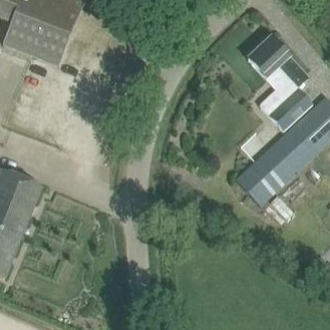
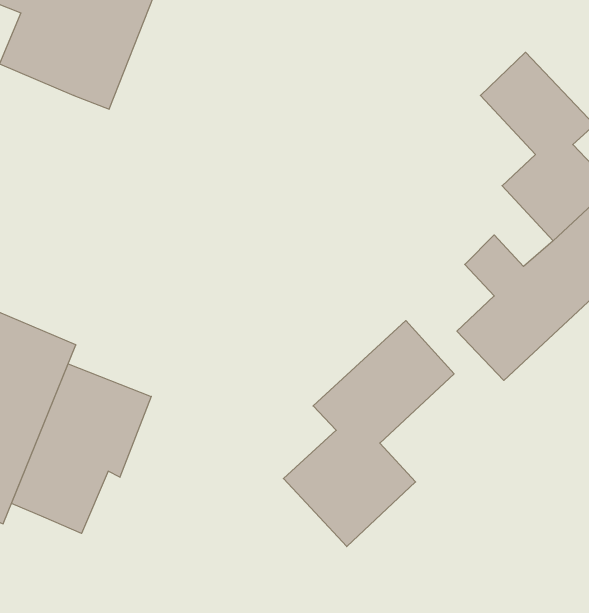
building: none -> [283,321,454,547]
building: none -> [11,364,151,533]

